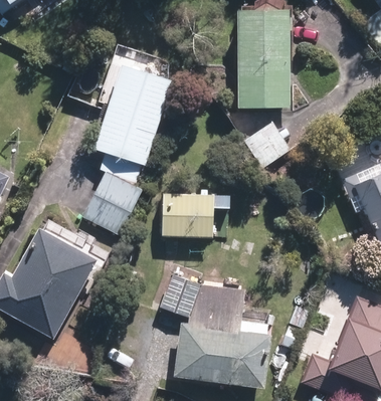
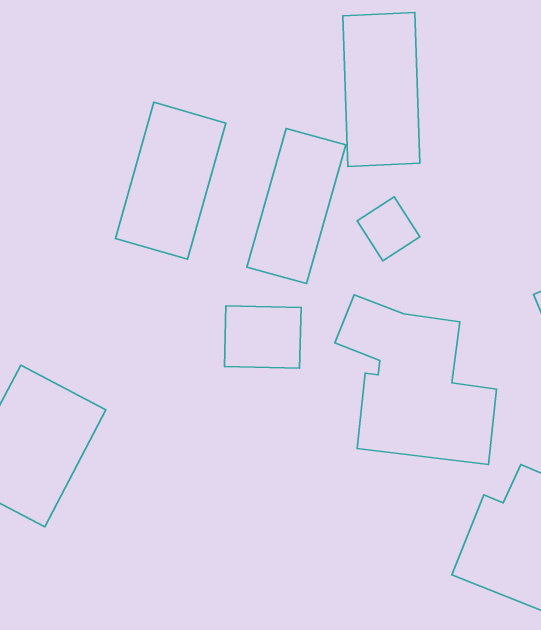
building: none -> [247,128,346,284]
building: [88,176,145,235] -> none
building: [171,276,272,383] -> [335,295,497,465]

